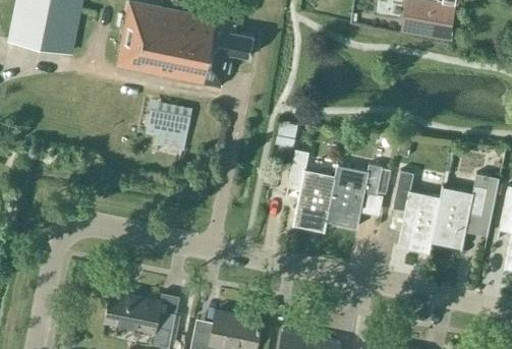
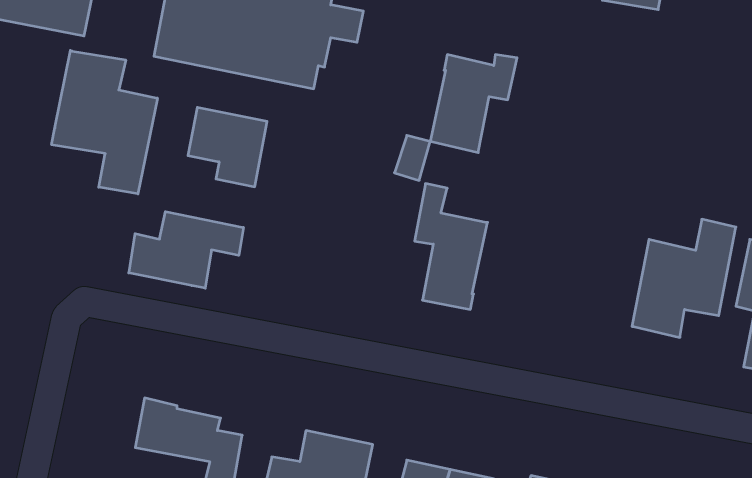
building: none -> [52,50,157,194]
building: [326,165,383,229] -> [430,55,517,153]
building: none -> [129,212,243,288]
building: [393,171,440,253] -> none

